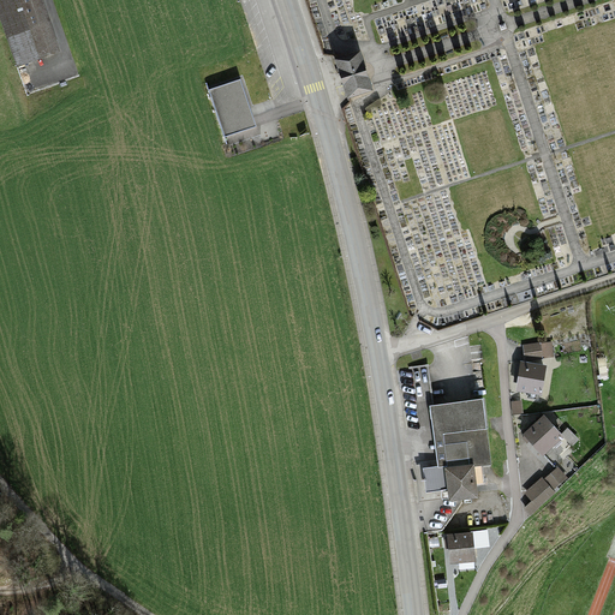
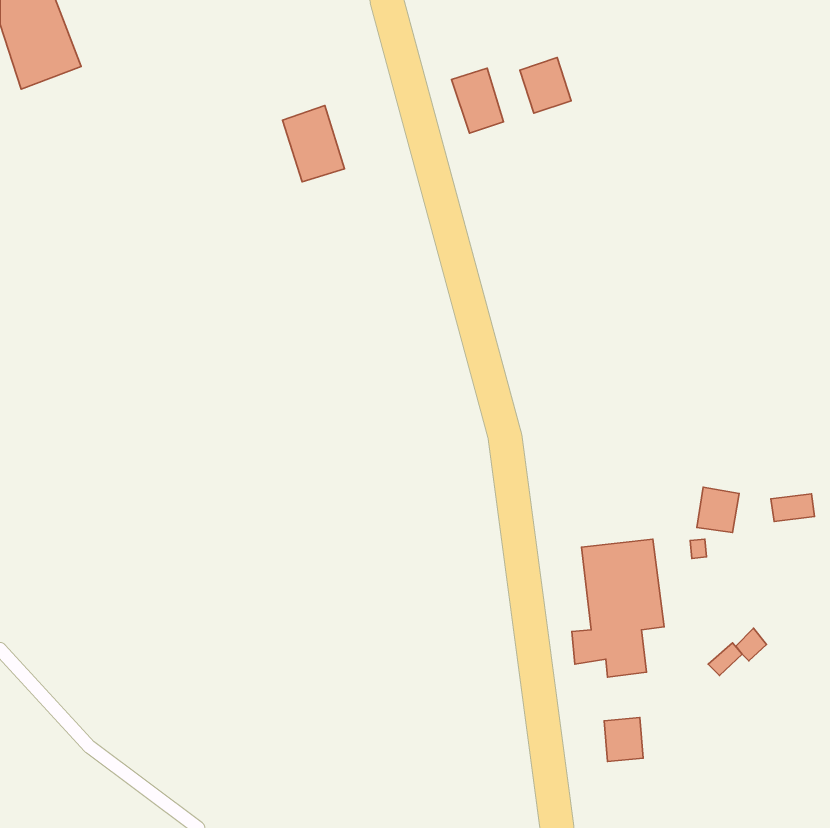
building: none -> [520,58,571,113]
building: [523,340,555,360] -> [771,494,815,521]
building: [523,414,565,455] -> none

